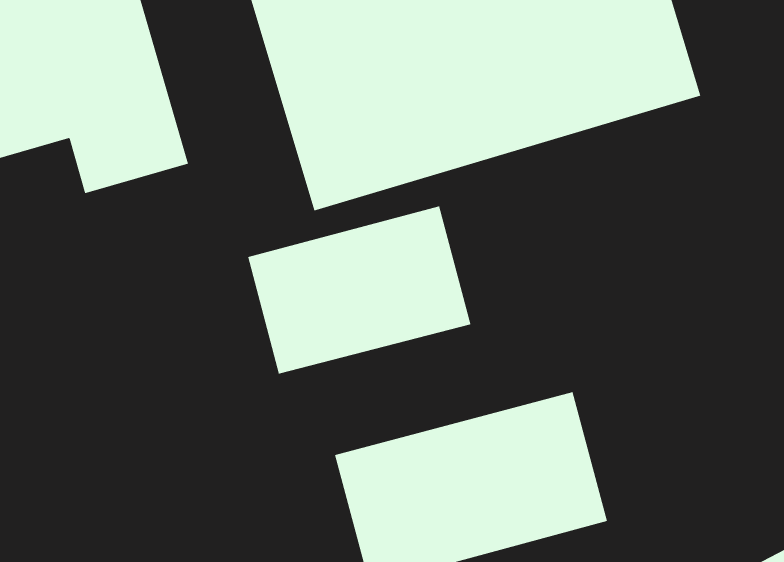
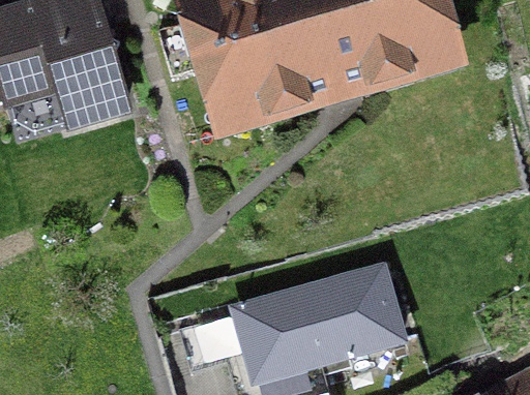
building: [248,205,471,375] -> none

